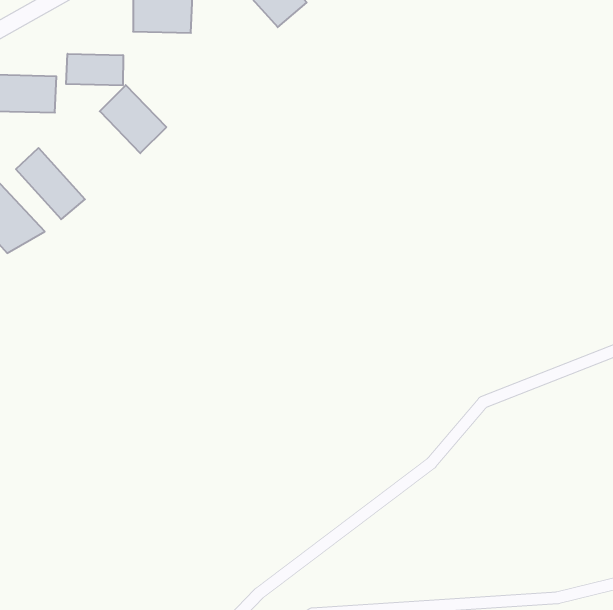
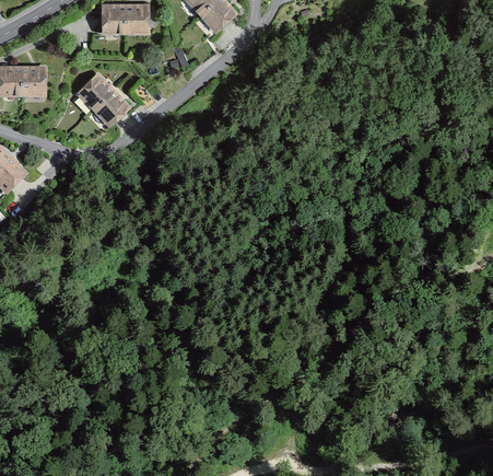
building: [66,54,123,85] -> none
building: [16,148,85,219] -> none

